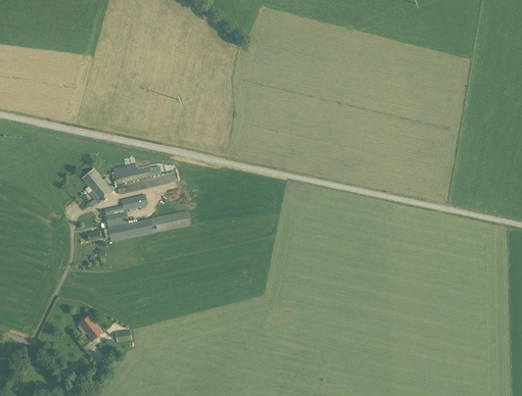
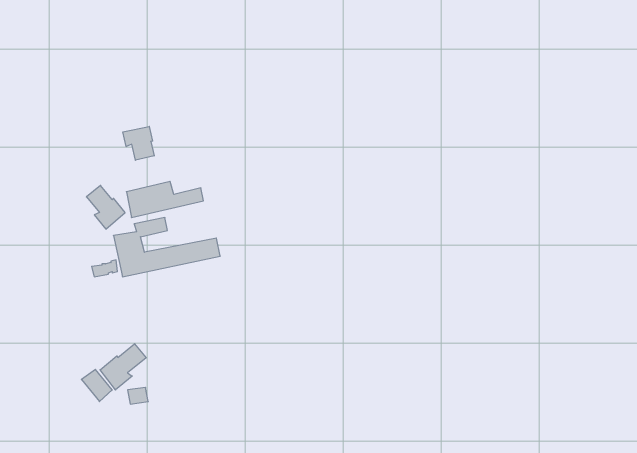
building: none -> [123,126,154,160]
building: none -> [100,344,146,390]

